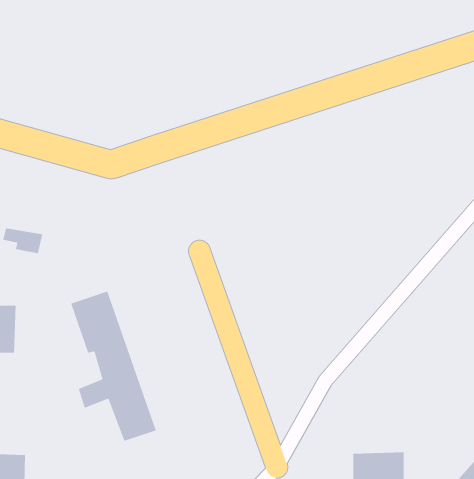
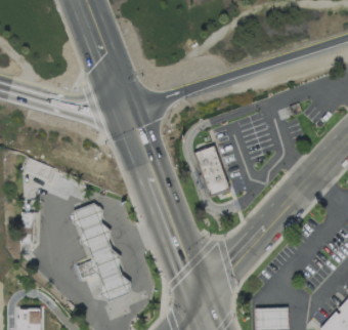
building: none -> [195,147,229,198]

